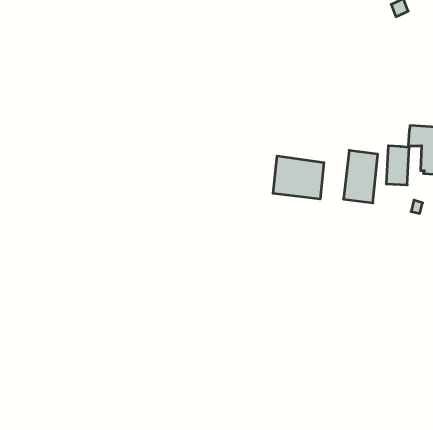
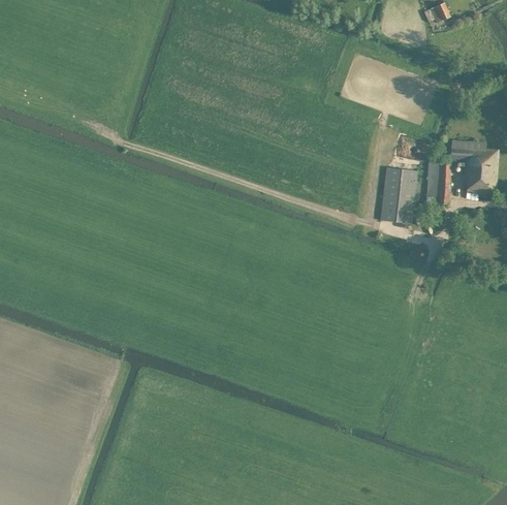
building: [273,156,324,199] -> none

